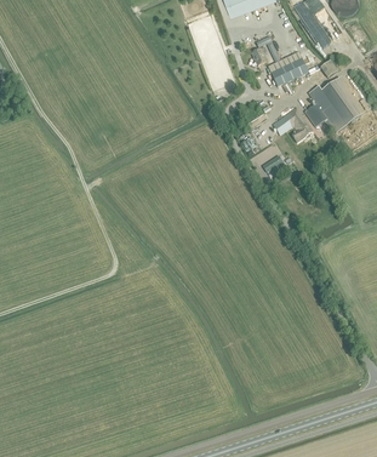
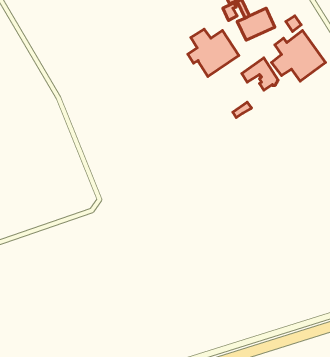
building: none -> [188,29,239,76]

